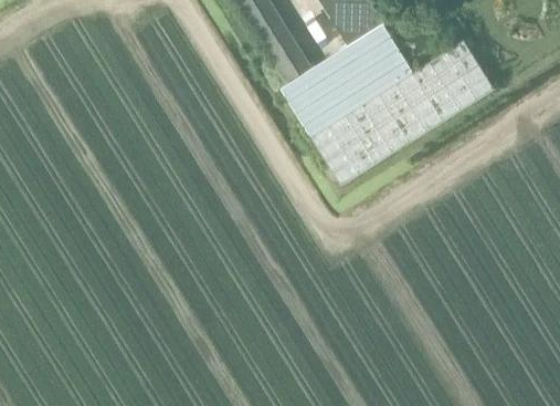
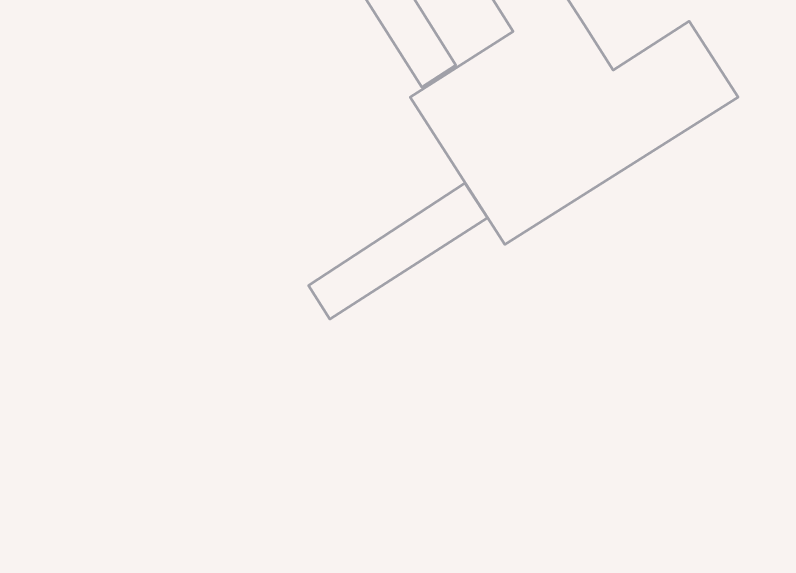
building: none -> [308,183,488,319]

